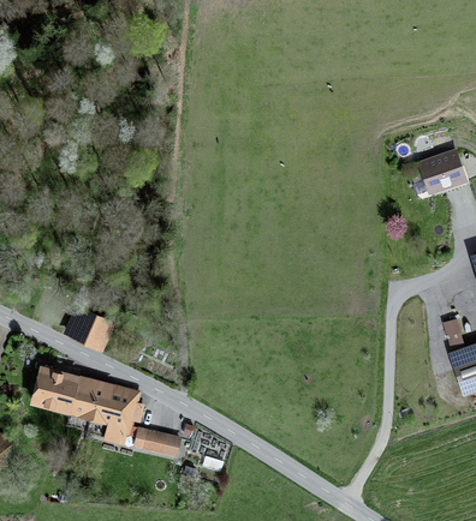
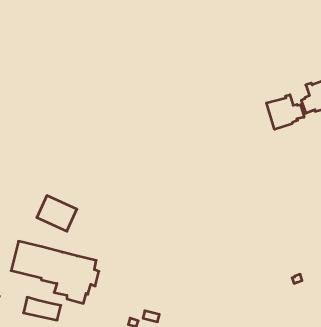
building: none -> [266,95,304,129]
building: [133,427,183,457] -> [23,297,61,320]

